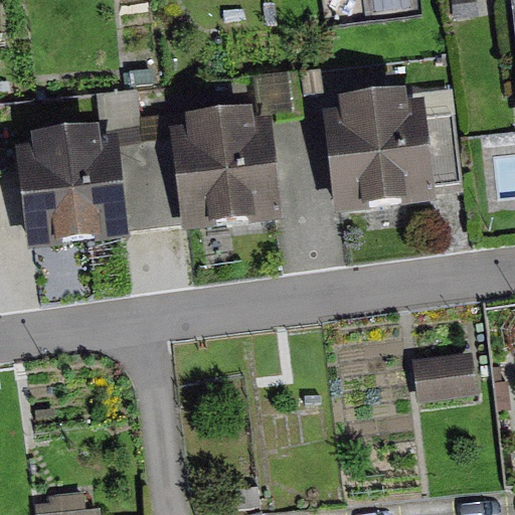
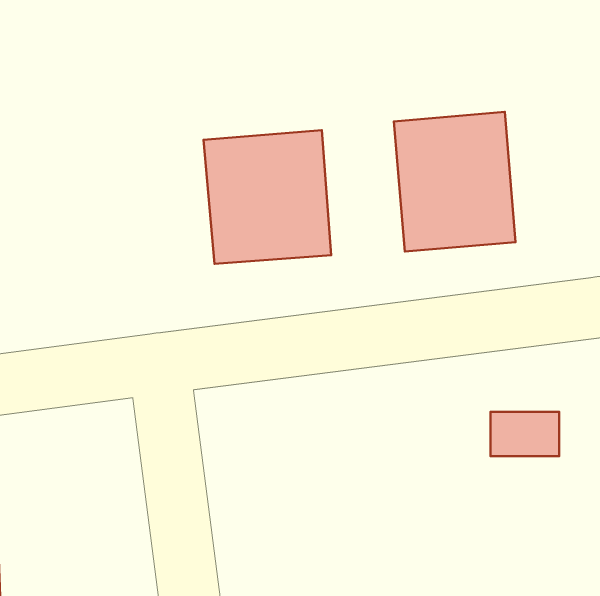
building: [21,135,125,240] -> none

